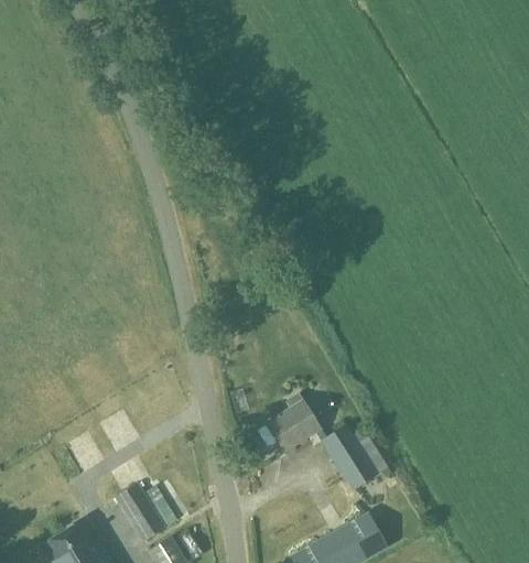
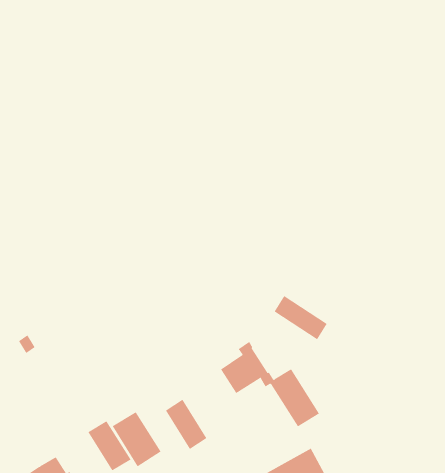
building: none -> [274,295,328,340]
building: none -> [165,399,207,450]

